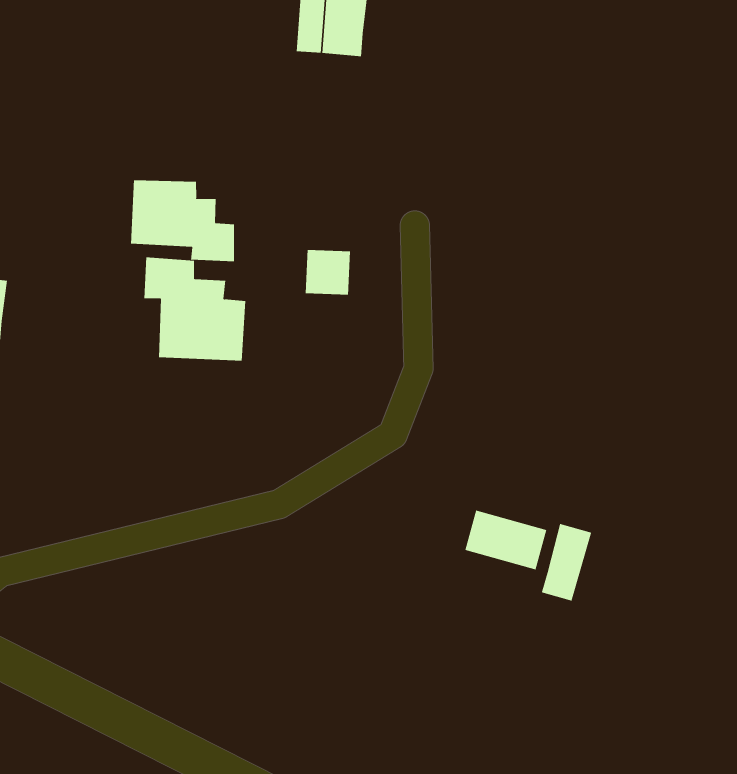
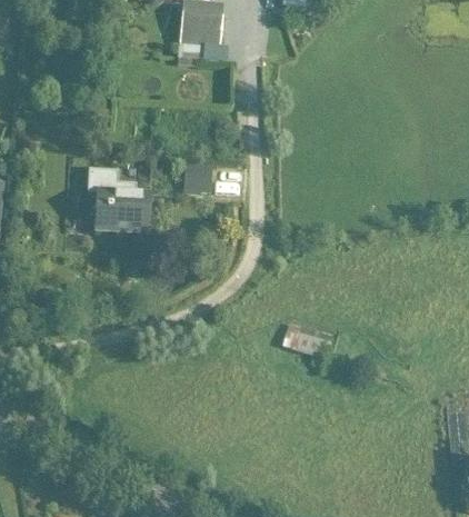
building: [131,179,235,262] -> none
building: [541,523,592,601] -> none

